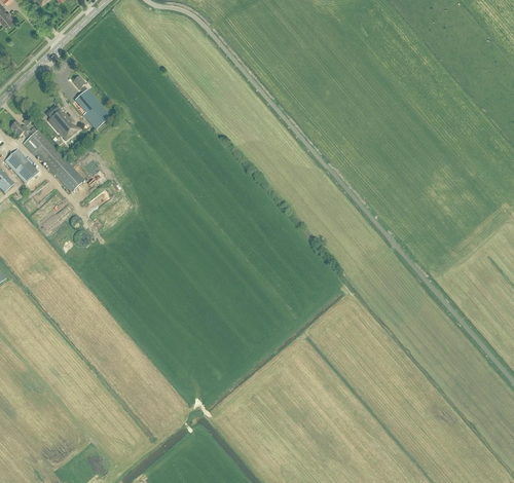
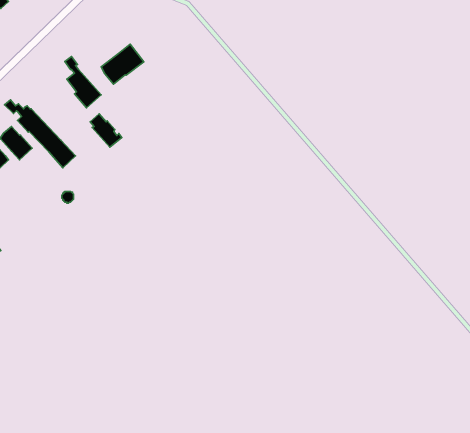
building: none -> [101,44,144,84]
building: [45,104,78,139] -> [90,114,122,147]

